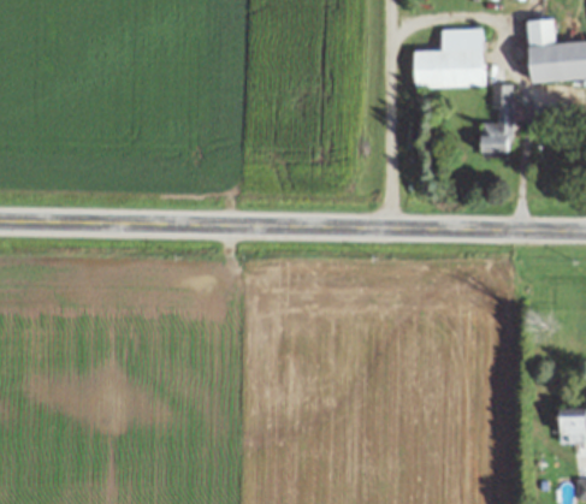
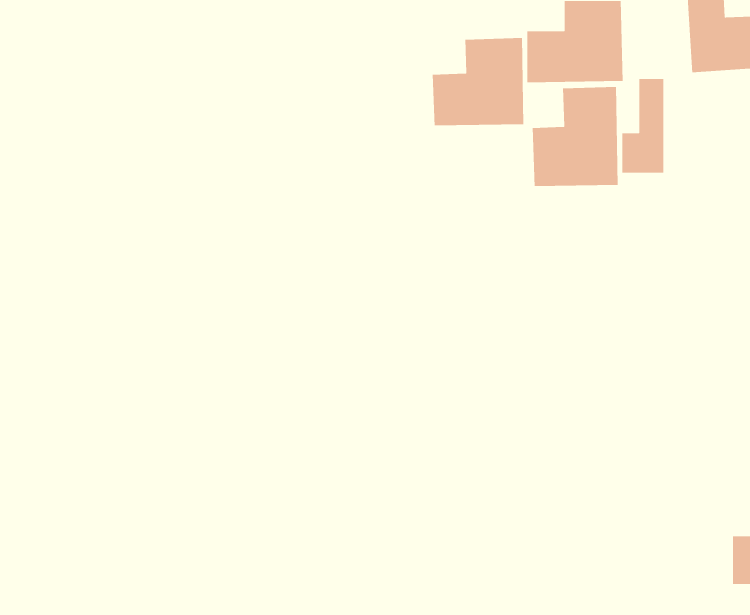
building: none -> [432,37,524,126]
building: none -> [532,86,619,187]

